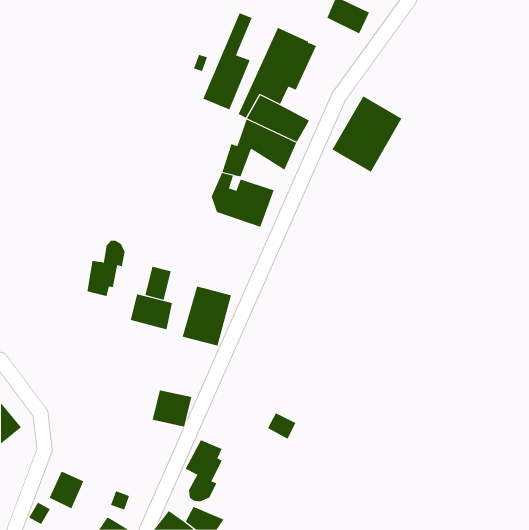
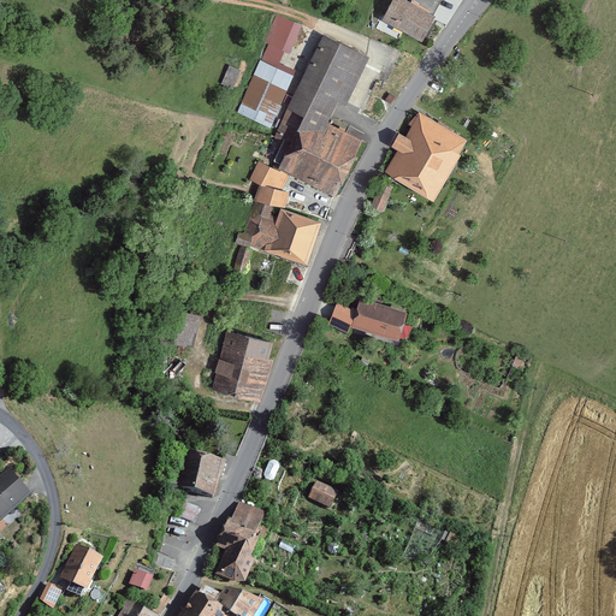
building: [87,240,125,297] -> none
building: none -> [348,295,405,339]
building: [130,294,173,330] -> none

